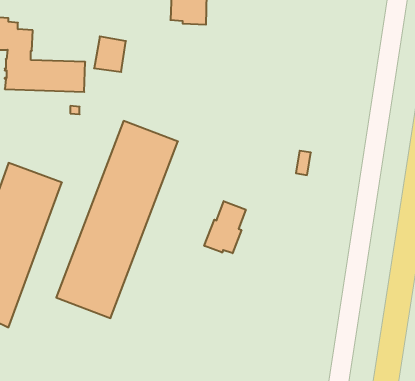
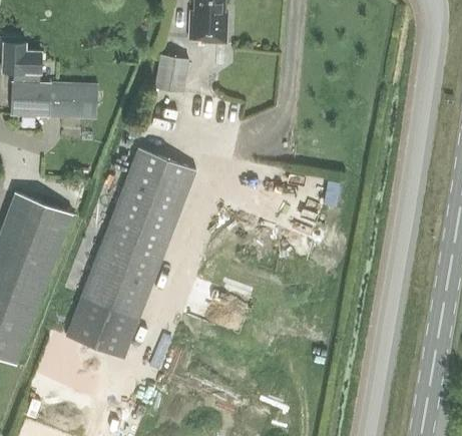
building: [94,36,126,72] -> [153,55,187,93]
building: [204,201,246,253] -> none

